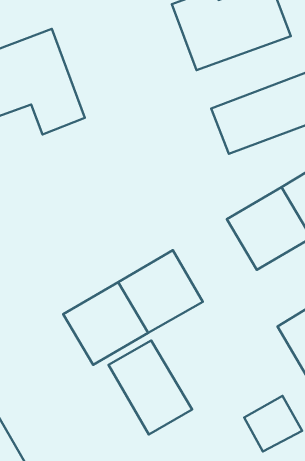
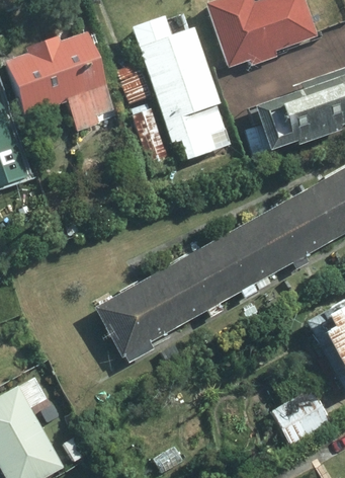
building: none -> [132,9,234,162]
building: none -> [204,217,286,298]
building: [108,341,192,435] -> none

